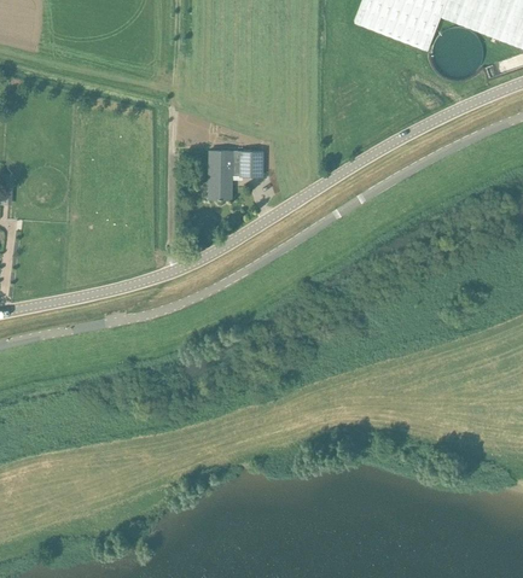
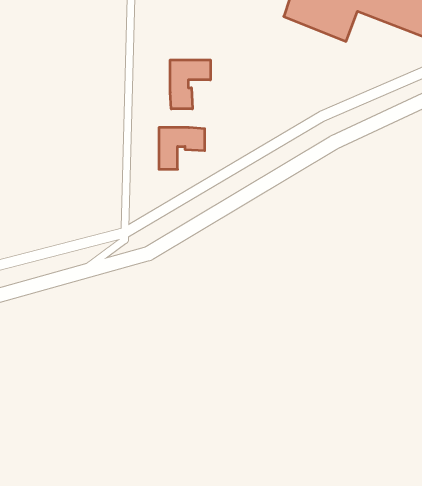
building: none -> [170,60,210,109]

